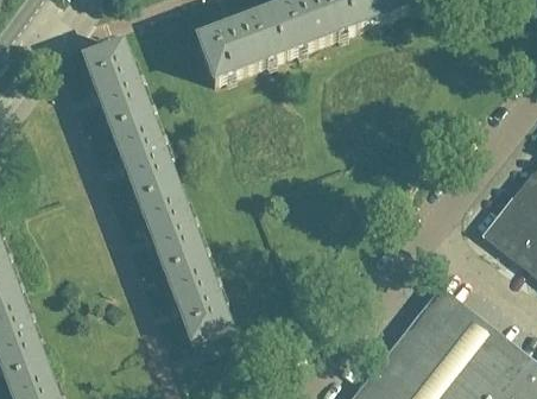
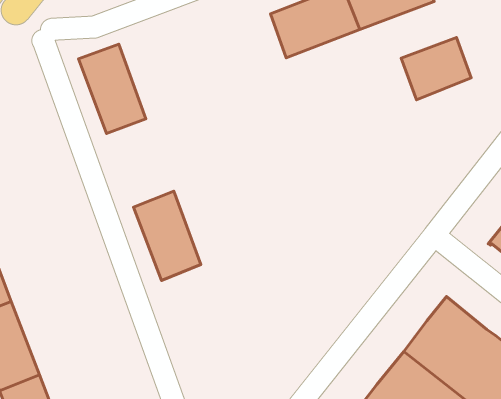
building: [195,14,283,84] -> none
building: none -> [401,37,471,100]
building: [108,116,173,202] -> none
building: [162,258,227,344] -> none

